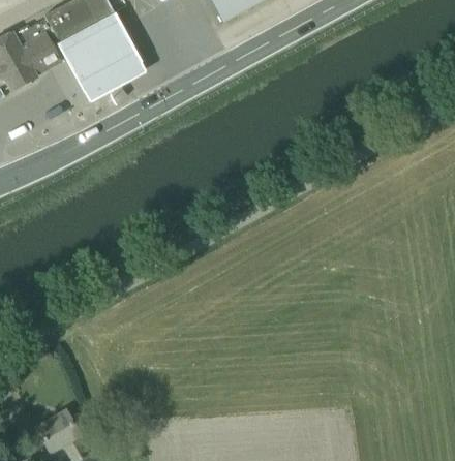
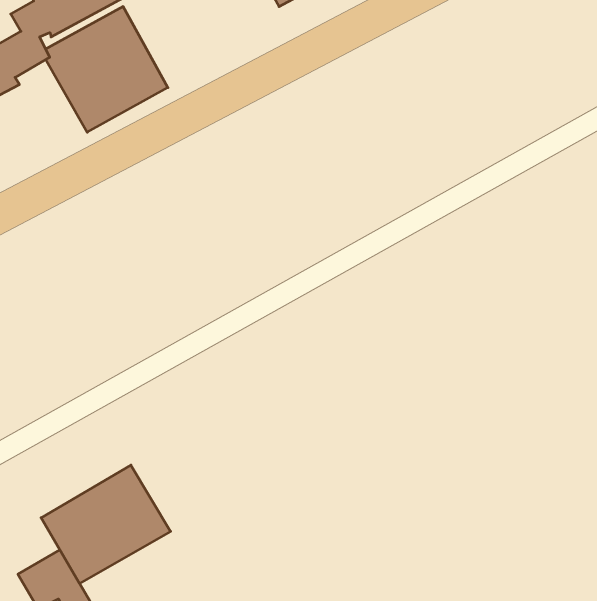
building: none -> [41,465,171,584]

